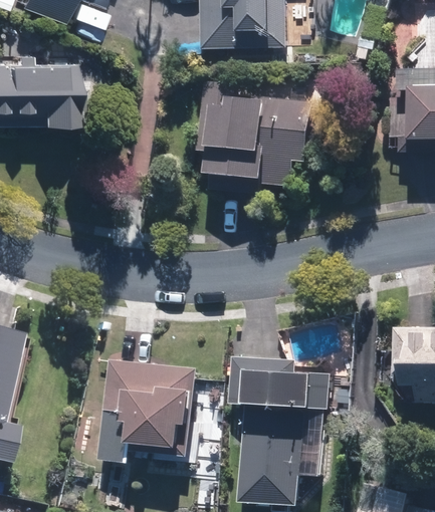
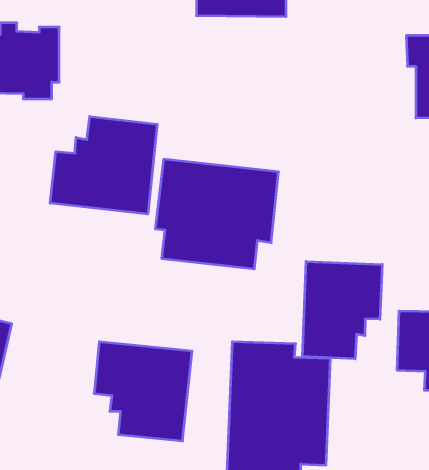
building: [198,85,315,190] -> [155,159,279,269]
building: none -> [50,116,157,214]
building: none -> [302,261,382,359]

